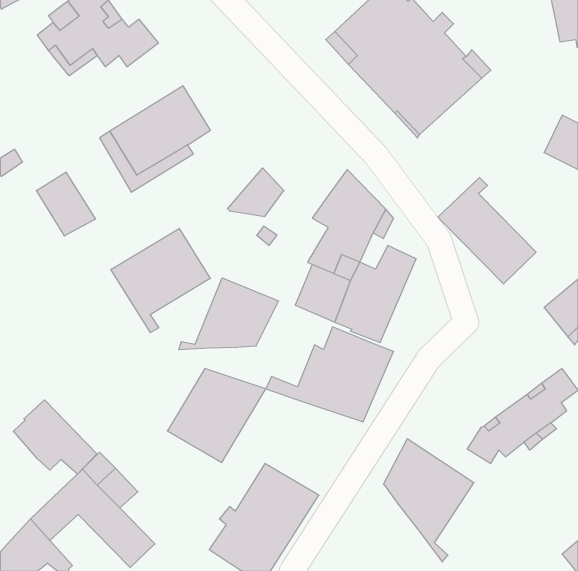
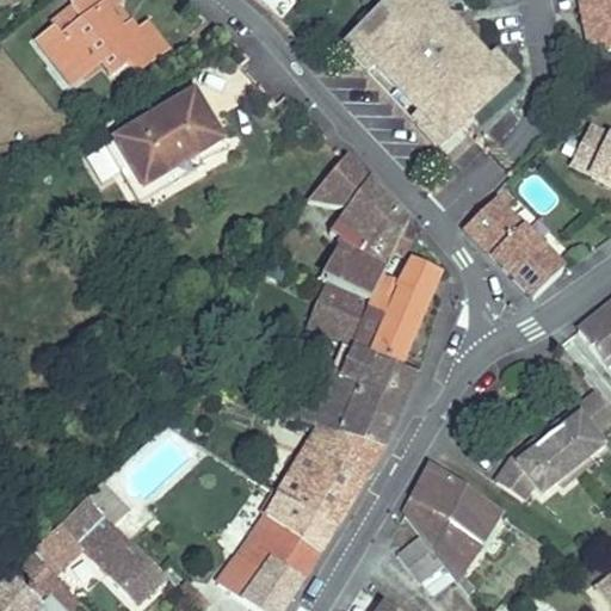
building: [227,168,284,217] -> [307,155,366,206]
building: [36,172,95,236] -> none
building: [111,228,210,333] -> none
building: [179,278,279,350] -> none
building: [167,369,266,462] -> [279,424,383,523]
building: [13,400,97,474] -> none
building: none -> [396,532,443,580]

